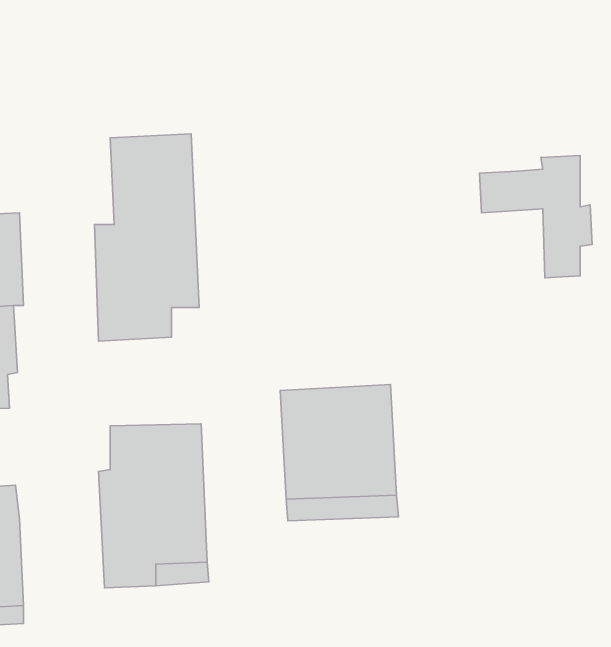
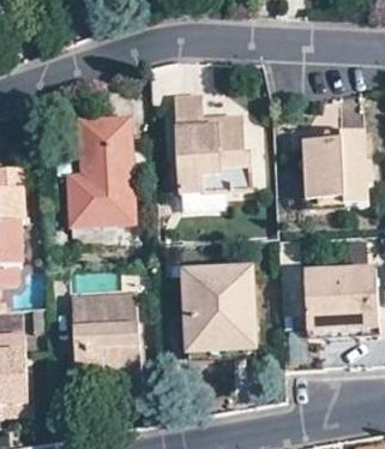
building: none -> [174,91,252,212]
building: none -> [306,161,344,204]
building: none -> [305,267,379,329]

